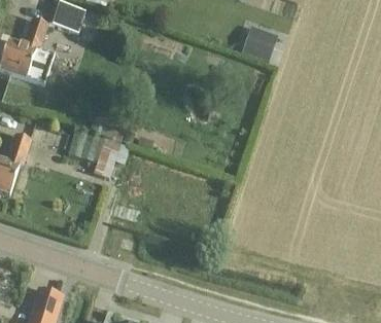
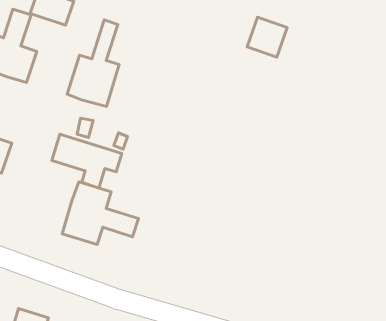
building: none -> [67,20,119,107]
building: none -> [62,182,139,245]

